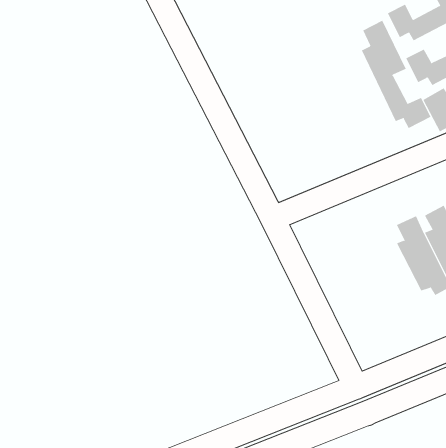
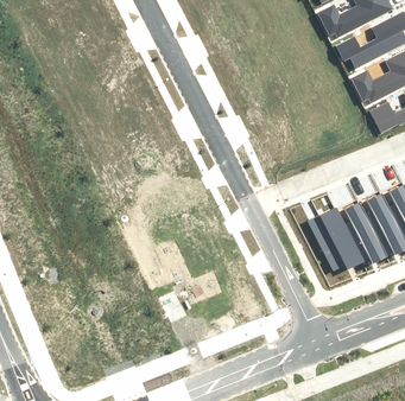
building: [361,20,431,129] -> none
building: none -> [309,205,363,269]

